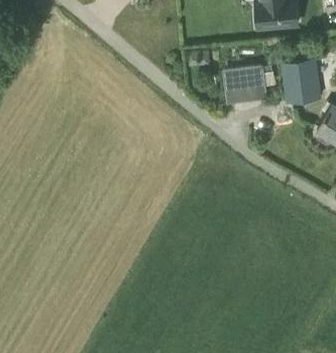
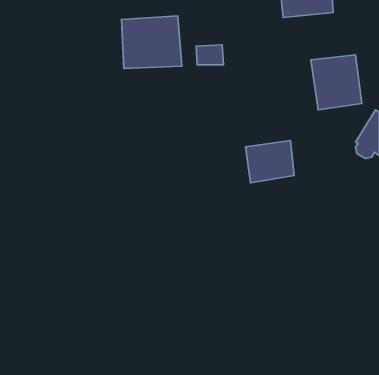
building: none -> [121,16,182,69]
building: [224,66,263,100] -> [246,141,294,183]

